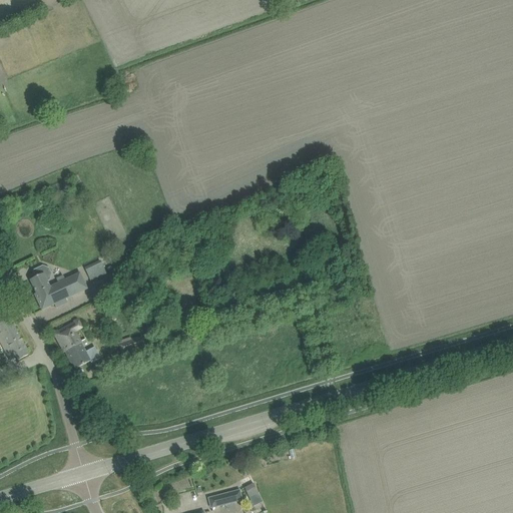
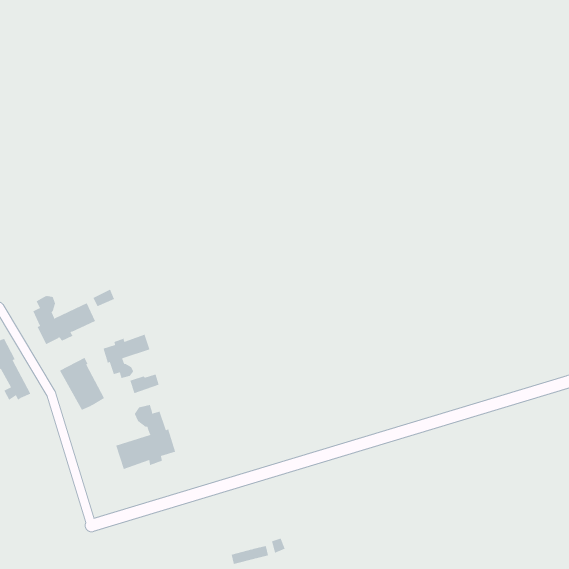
building: none -> [103,334,150,379]
building: none -> [115,404,176,470]

